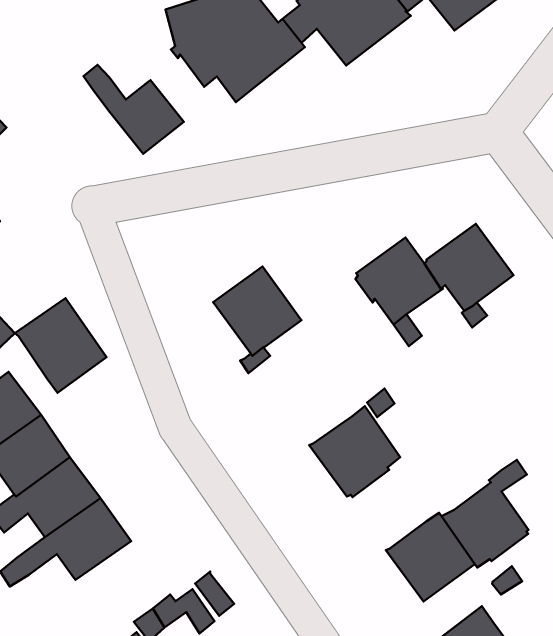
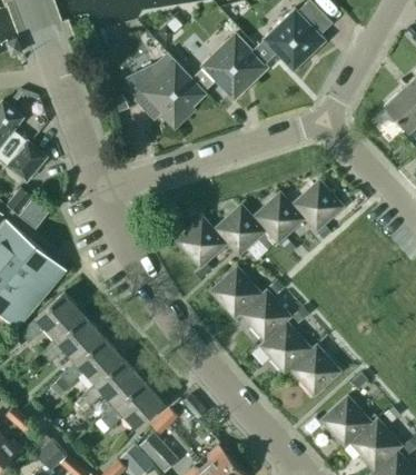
building: [84,65,184,154] -> none
building: none -> [214,204,265,255]
building: [15,298,106,393] -> none
building: none -> [209,266,260,317]
building: [442,460,529,567] -> [259,309,309,373]
building: none -> [99,380,164,428]

